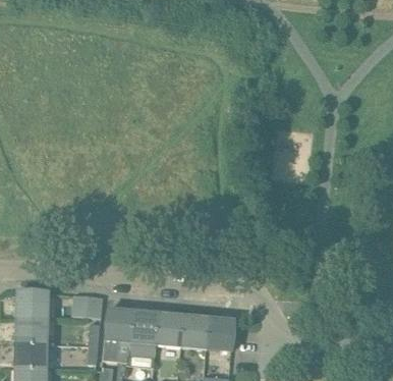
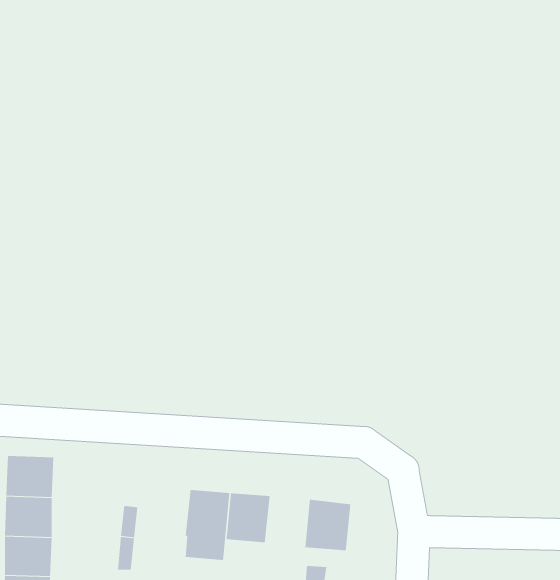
building: [72,295,102,319] -> none
building: [103,311,132,360] -> none
building: [180,318,208,350] -> none

